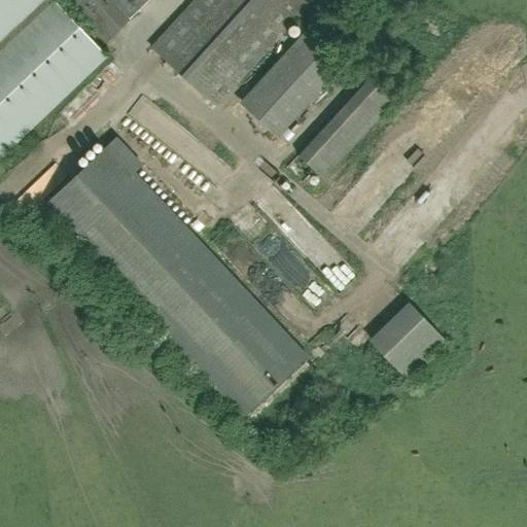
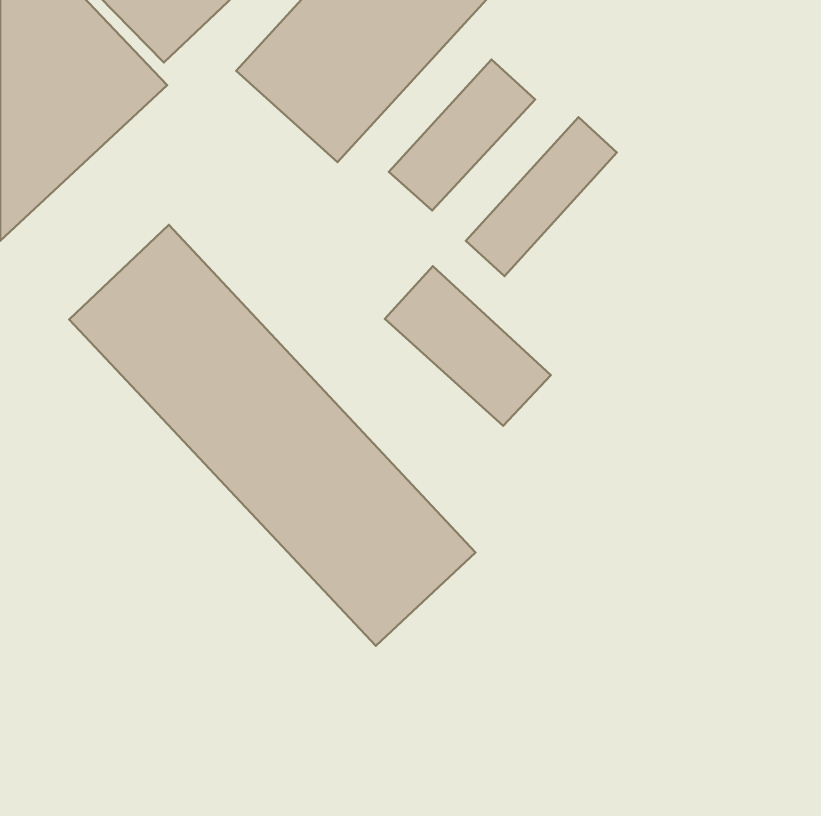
building: none -> [385,266,551,426]
building: [371,302,445,377] -> none

